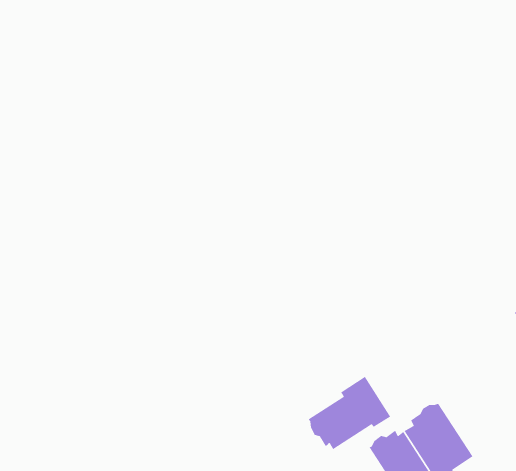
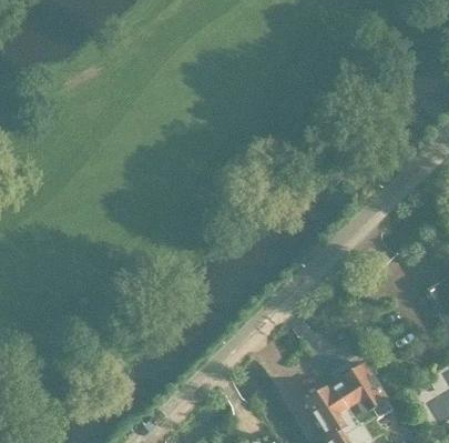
building: [307,376,391,450] -> none

